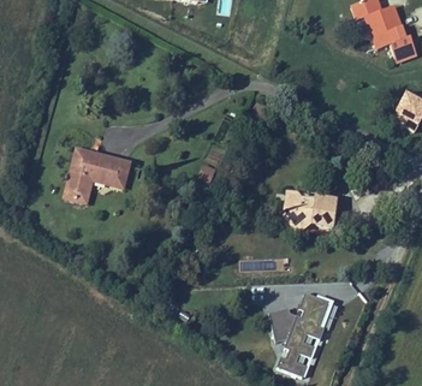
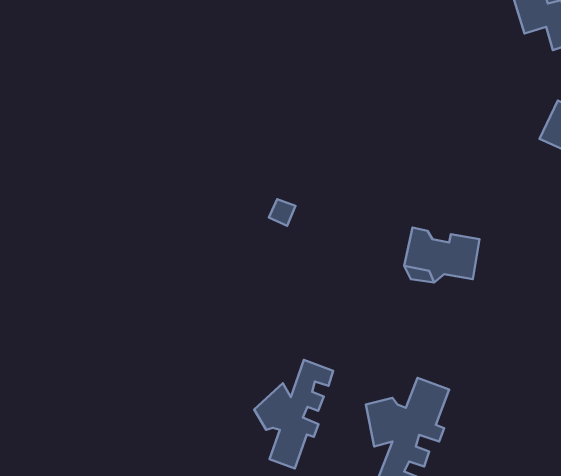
building: [67,152,129,201] -> none
building: none -> [254,360,333,469]

